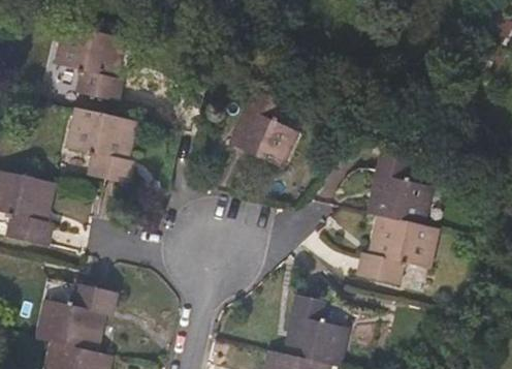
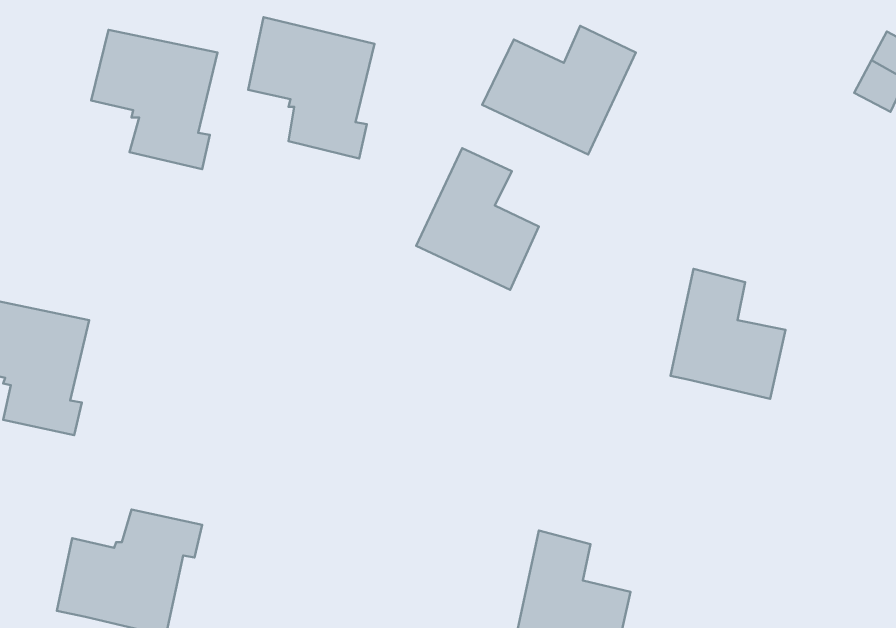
building: none -> [482,26,636,155]
building: [68,106,136,183] -> [248,17,374,159]
building: [359,214,438,282] -> none

